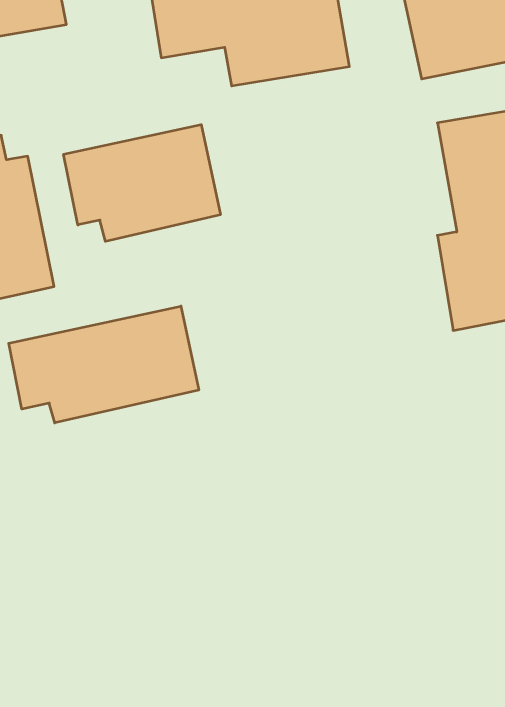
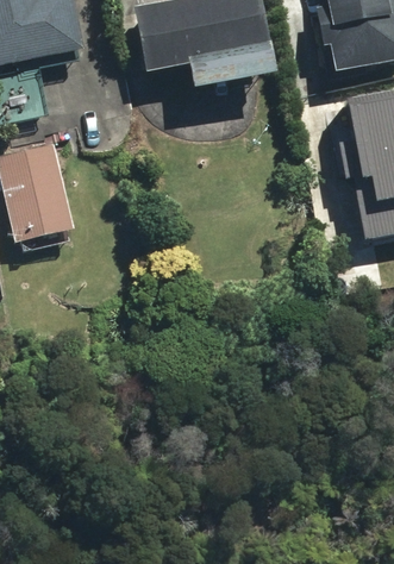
building: [64,125,220,241] -> none
building: [9,306,199,423] -> none

